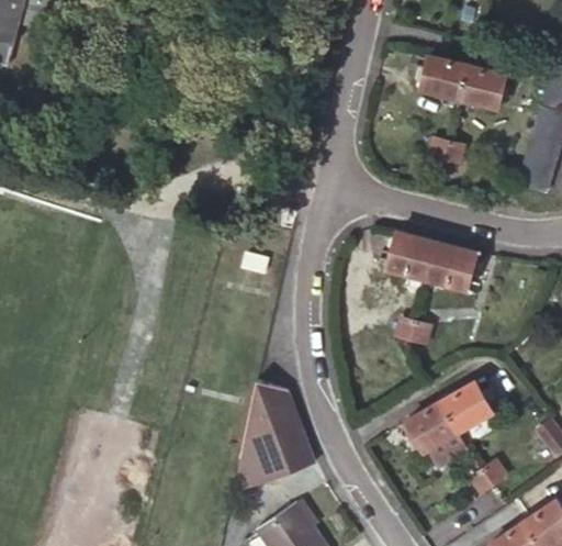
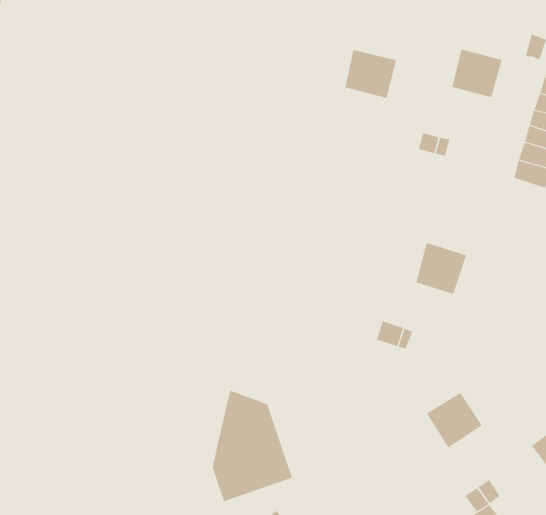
building: [423,56,471,101] -> [344,50,397,98]
building: [390,233,439,281] -> none
building: [405,402,471,466] -> none

